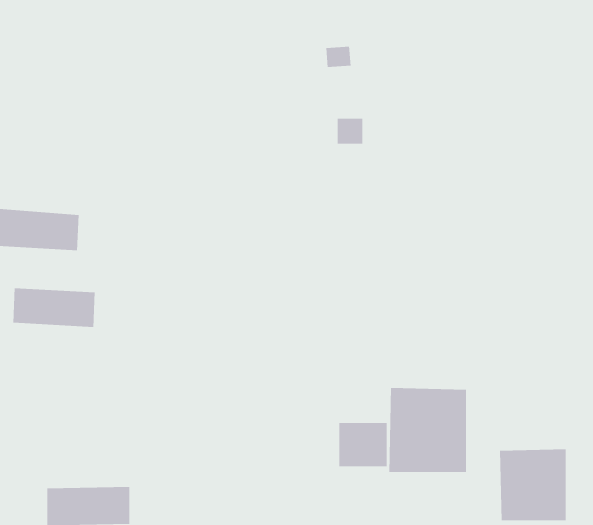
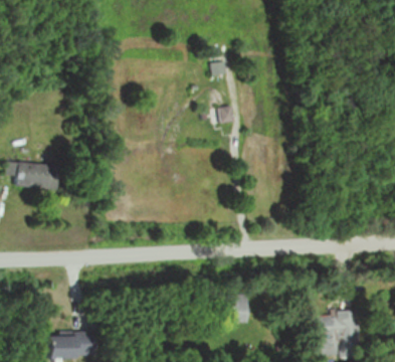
building: [13,287,95,328] -> none
building: [389,387,467,473] -> none

